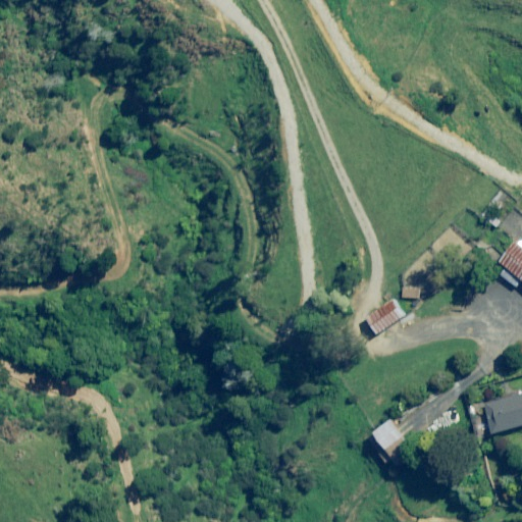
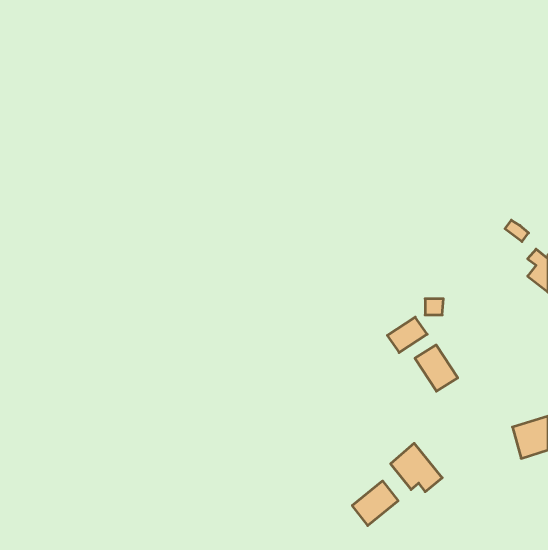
building: none -> [415,345,458,391]
building: none -> [352,481,398,526]

